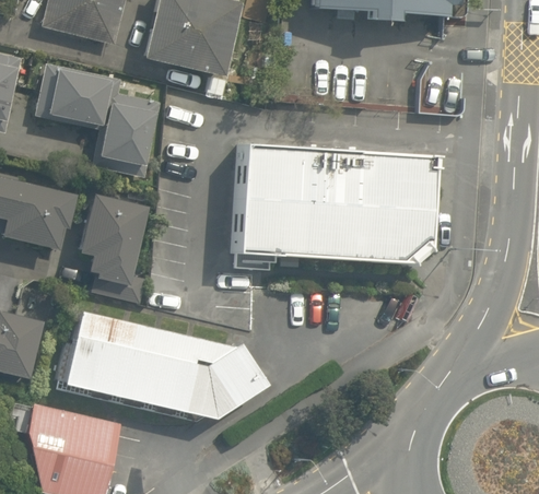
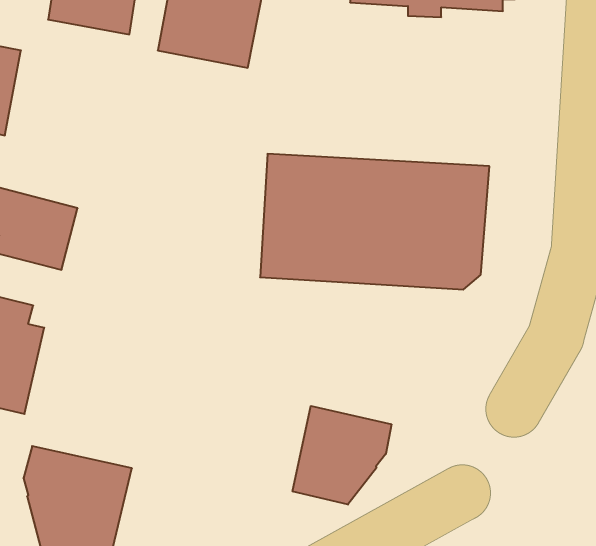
building: [44,58,155,170] -> none
building: [78,187,144,284] -> none
building: [62,313,270,421] -> none
building: none -> [293,406,391,505]

